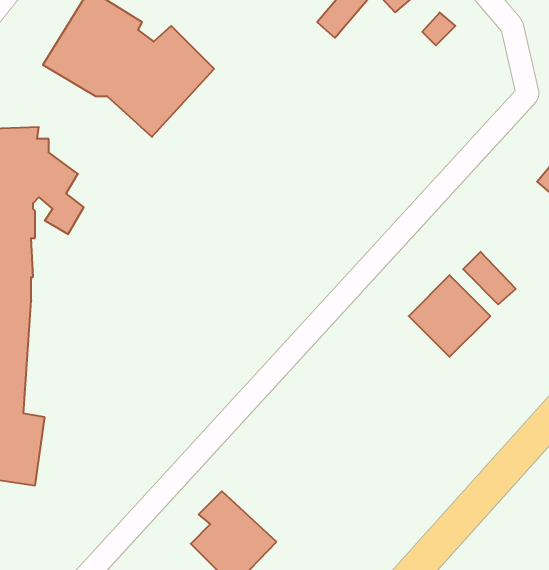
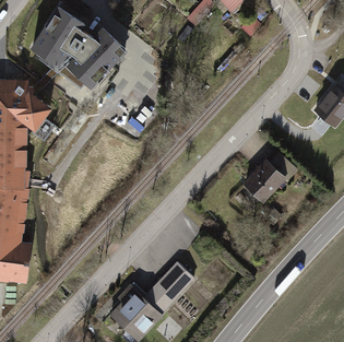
building: none -> [144,262,193,312]

